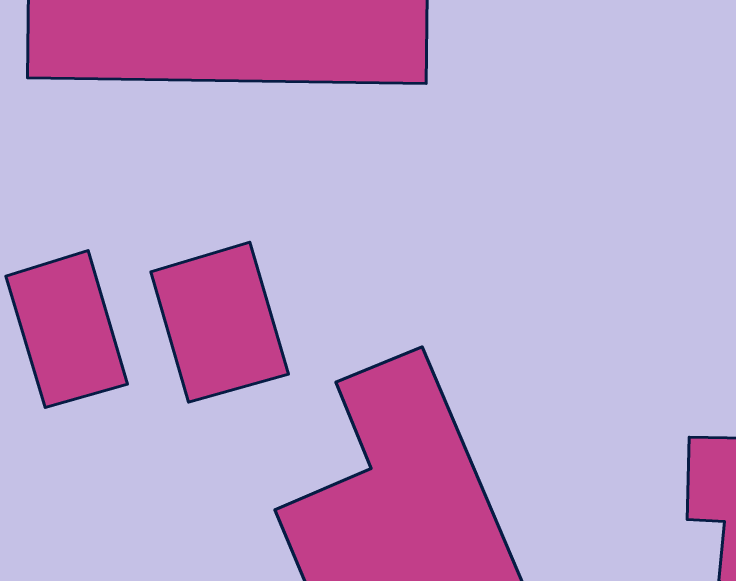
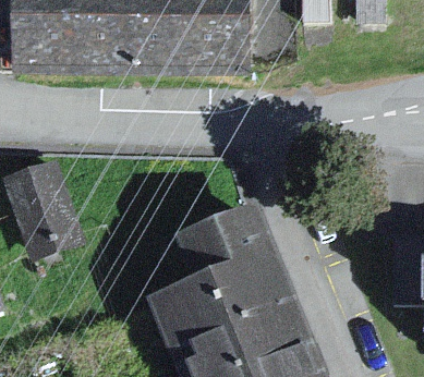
building: [151,242,289,402] -> none

